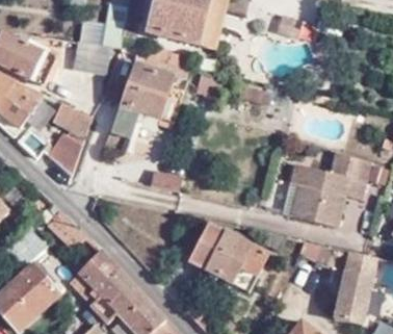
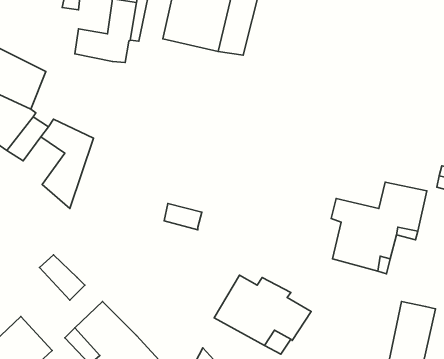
building: [70,46,108,79] -> none
building: [106,57,192,150] -> none

